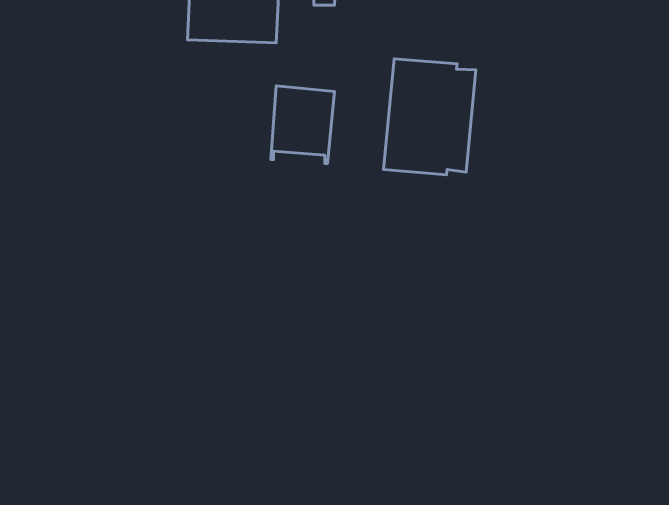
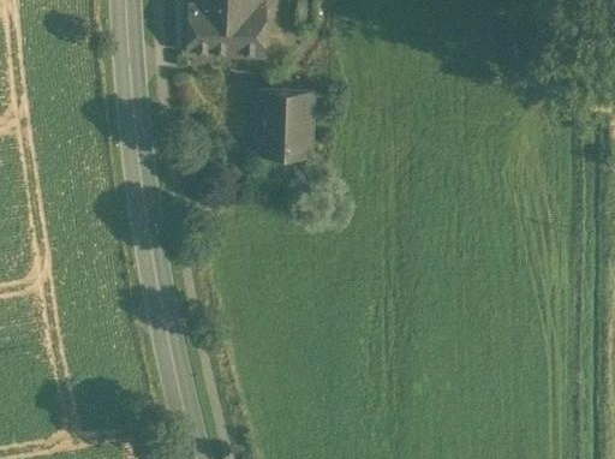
building: [383,59,476,175] -> none

